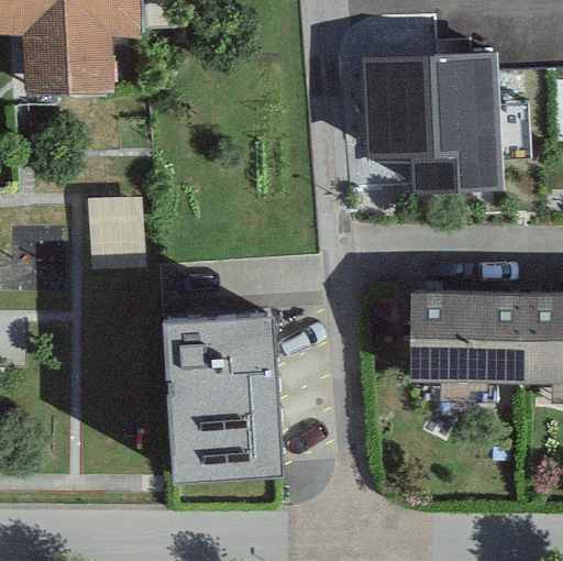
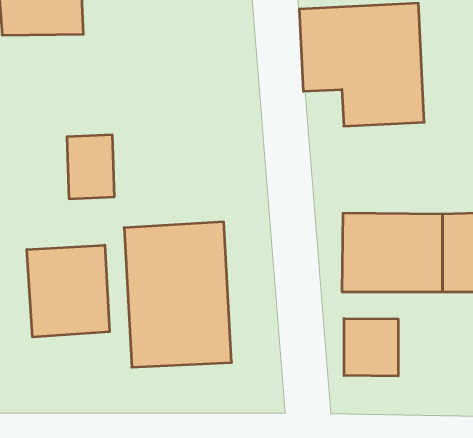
building: none -> [27,245,110,337]
building: none -> [344,318,398,376]

